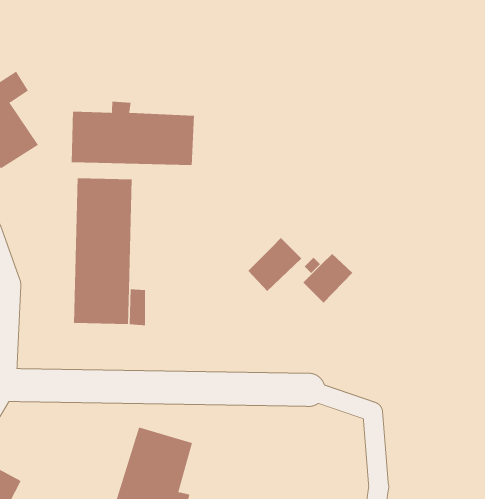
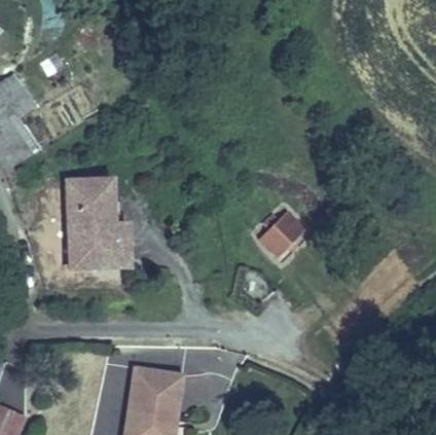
building: [71,101,194,166] -> none
building: [248,237,302,292] -> none

